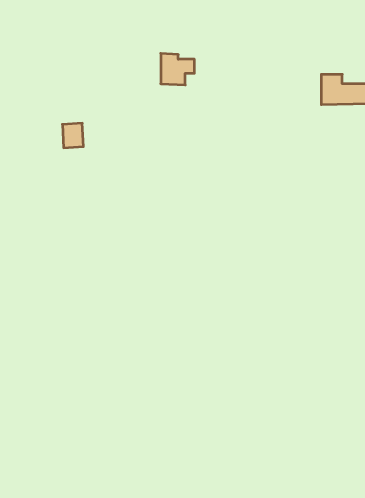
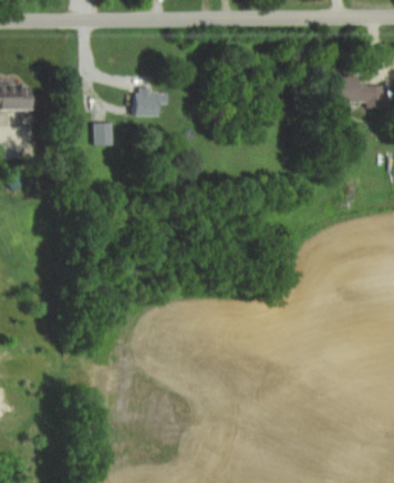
building: [161,53,194,85] -> [136,86,168,116]

